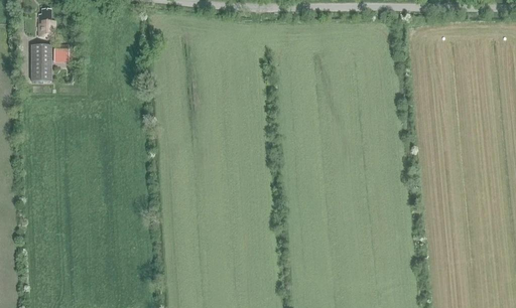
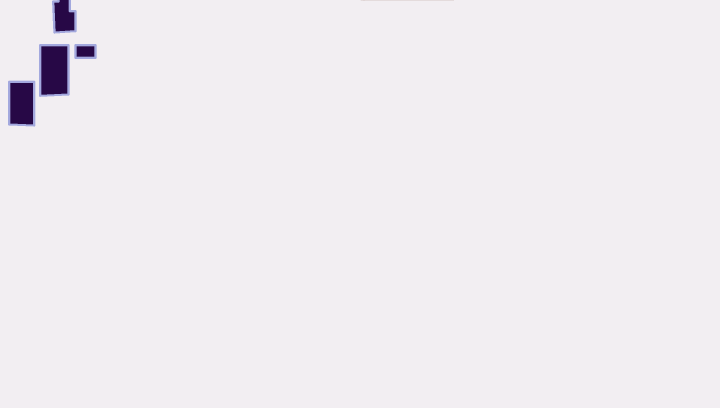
building: none -> [9,82,34,126]

